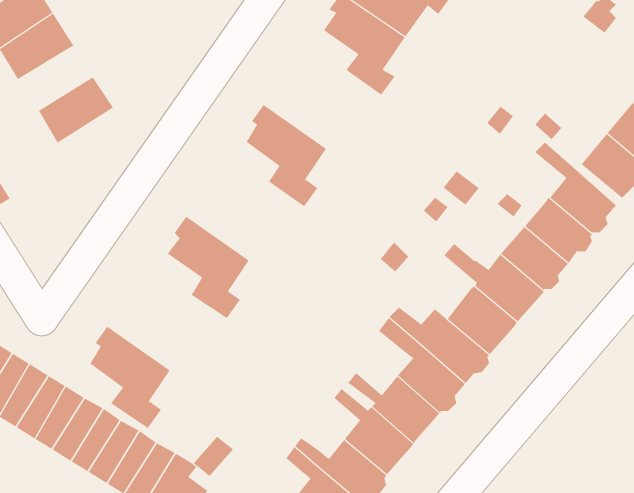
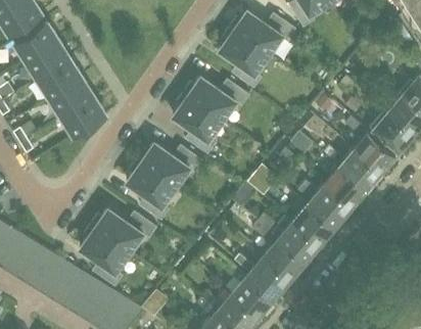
building: none -> [37,60,82,99]
building: none -> [183,78,249,122]
building: none -> [60,97,106,138]
building: none -> [137,144,202,188]
building: none -> [90,209,156,253]

